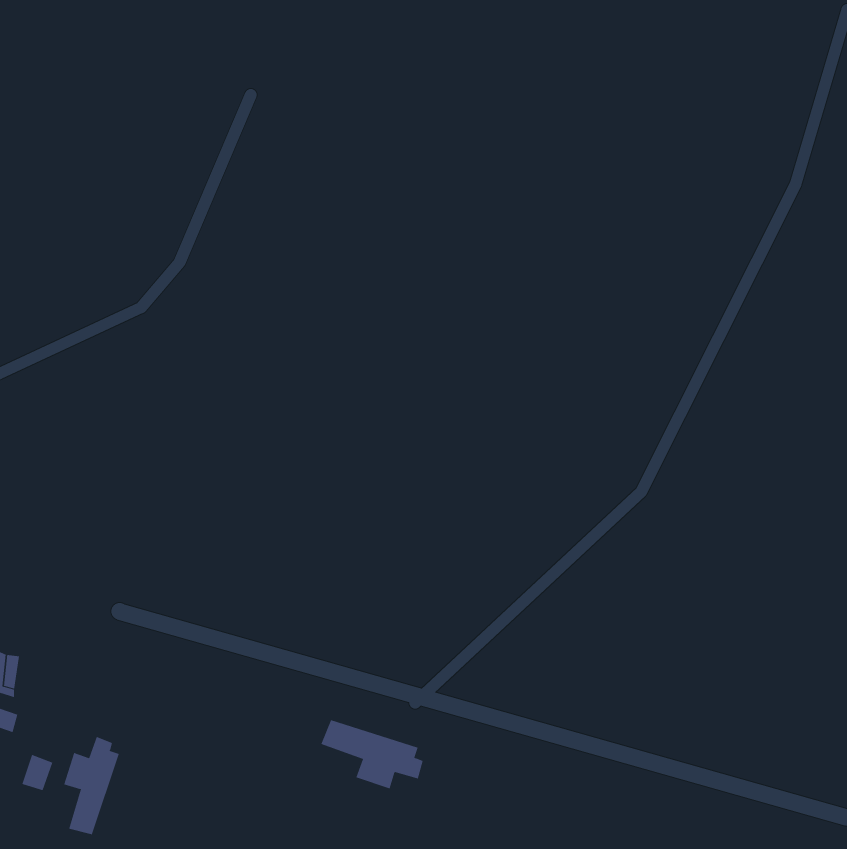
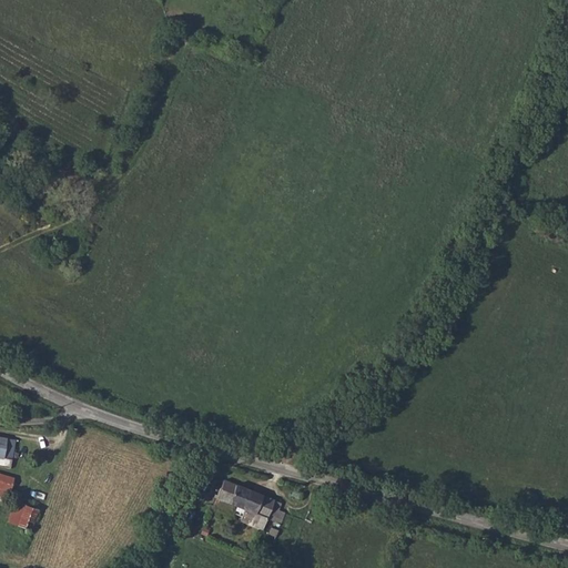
building: [63,736,119,835] -> none

